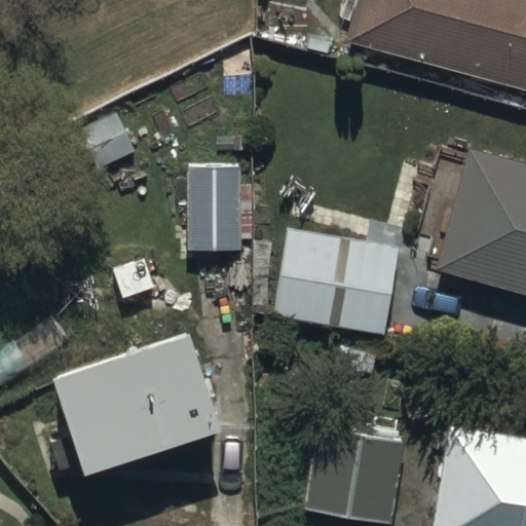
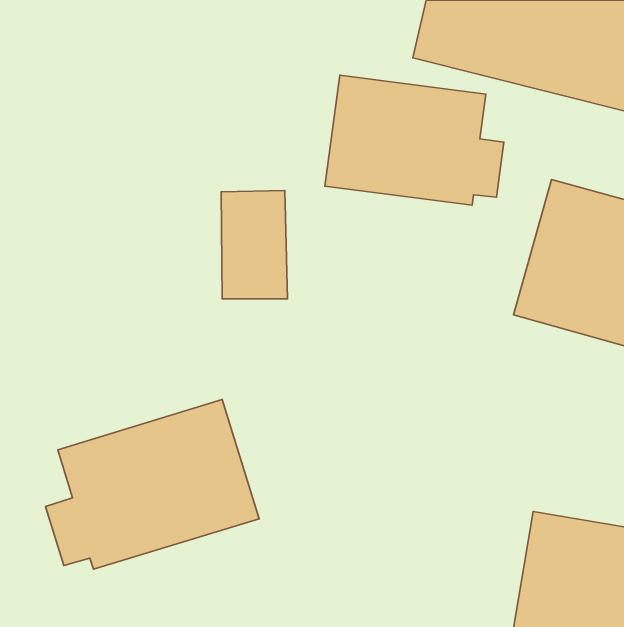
building: none -> [325,75,504,205]
building: [276,231,397,328] -> none
building: [307,420,405,521] -> none

